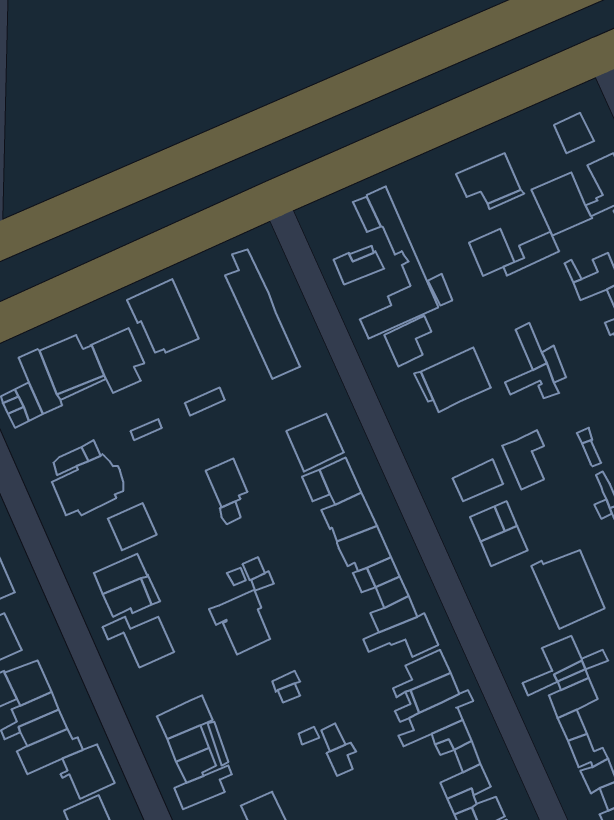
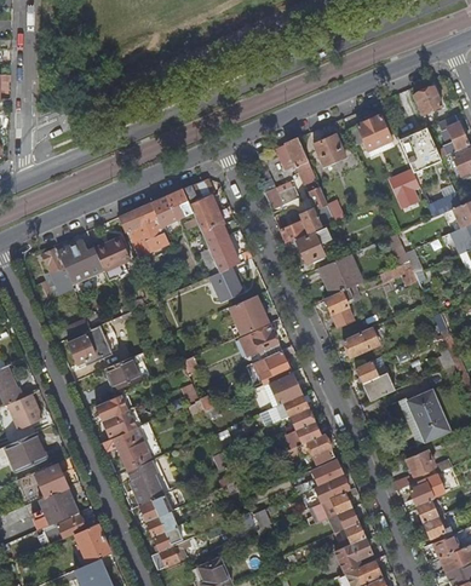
building: [469,229,514,276] -> [314,134,345,167]
building: none -> [150,189,193,226]
building: [502,430,544,490] -> [324,287,354,328]
building: [206,459,248,508] -> [211,266,240,300]
building: [209,590,270,655] -> [120,460,162,505]

